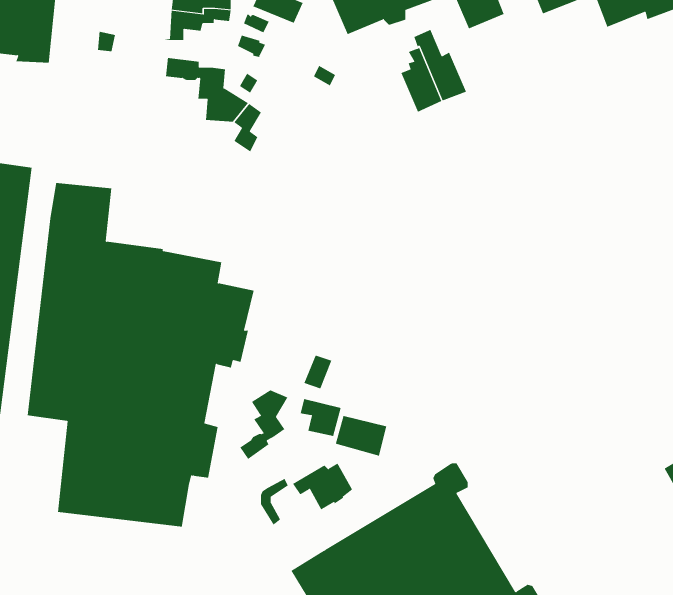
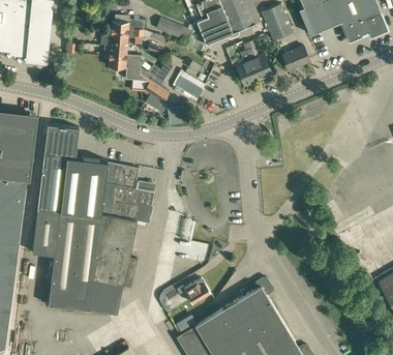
building: none -> [104,41,141,63]
building: none -> [282,47,310,70]
building: none -> [174,71,204,103]
building: [240,389,288,460] -> none
building: [335,415,387,456] -> none

